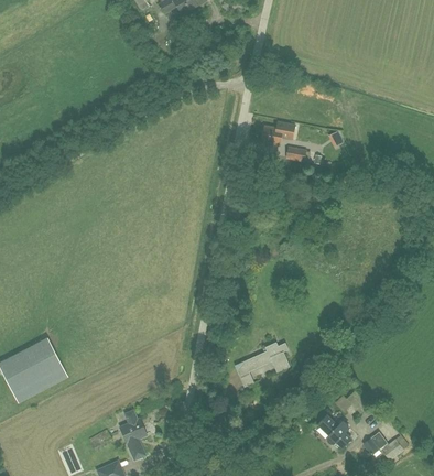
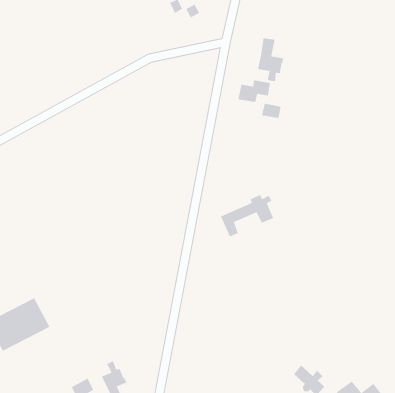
building: none -> [257,37,284,82]
building: [234,340,290,386] -> [220,194,274,238]

